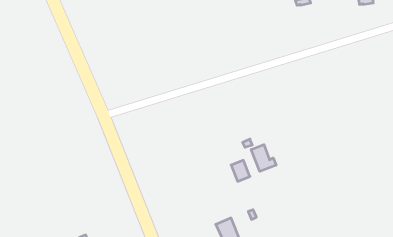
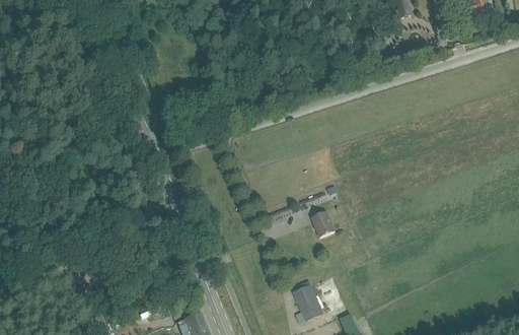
building: [251,145,276,171] -> none

